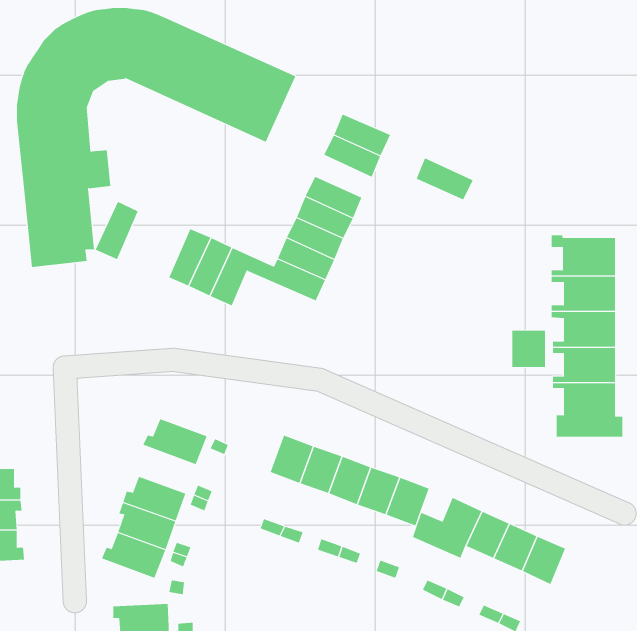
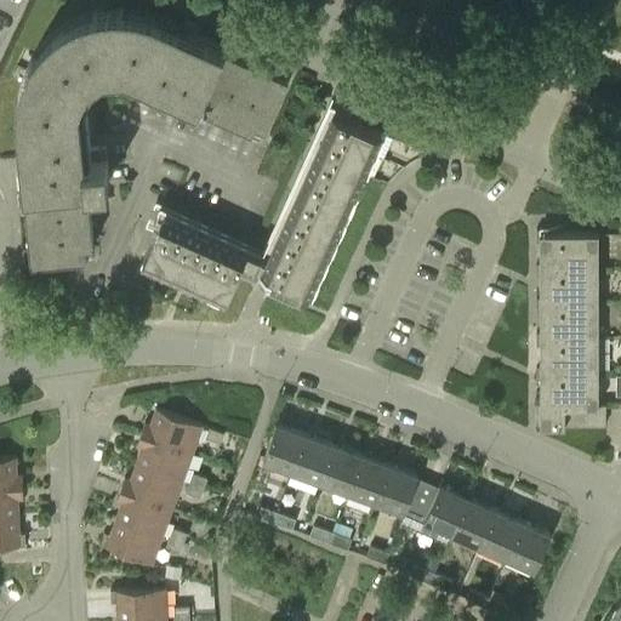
building: [416,158,473,200] -> [306,158,361,199]
building: [95,201,139,260] -> [142,220,184,277]
building: [512,330,545,368] -> none
building: none -> [135,439,190,486]

